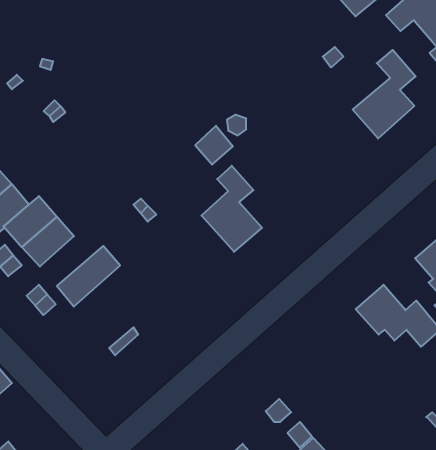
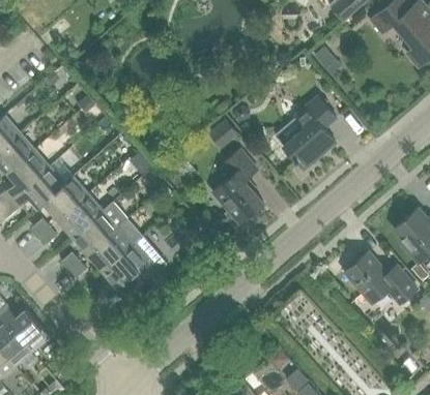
building: [353,50,416,139] -> [282,94,336,170]
building: none -> [74,202,127,252]
building: none -> [103,235,167,295]

